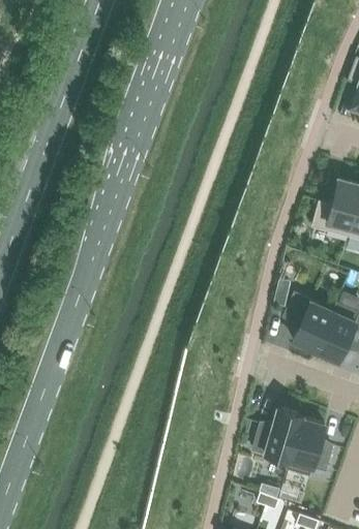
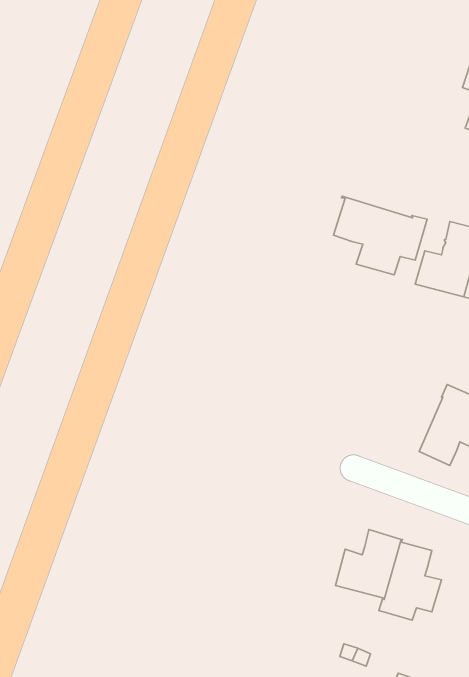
building: none -> [333,196,427,275]
building: [286,294,334,351] -> none

